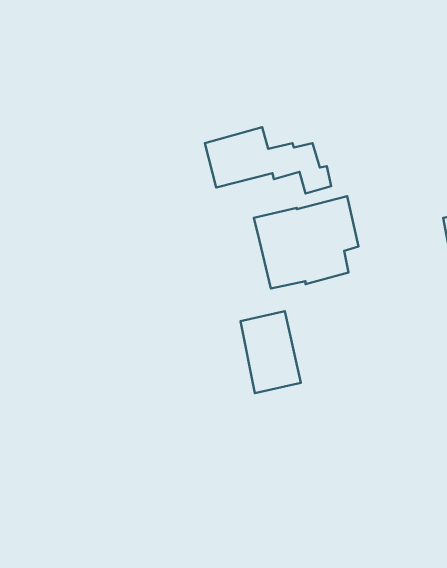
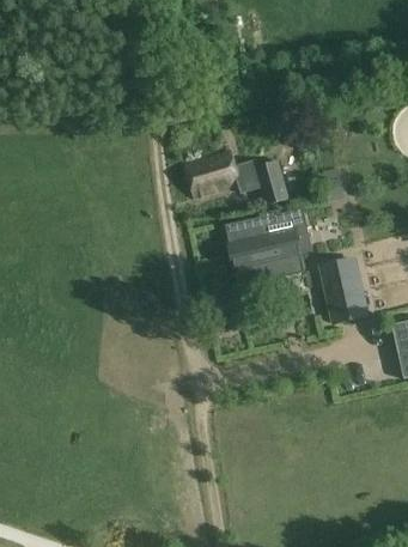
building: [240,311,301,393] -> [319,256,370,324]

